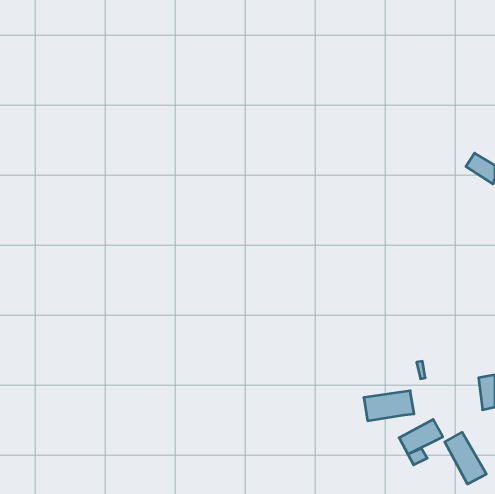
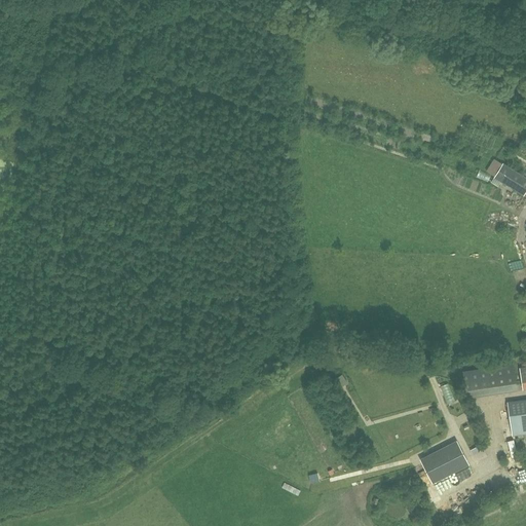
building: [364,391,414,421] -> [463,363,517,394]
building: [445,432,486,484] -> none

